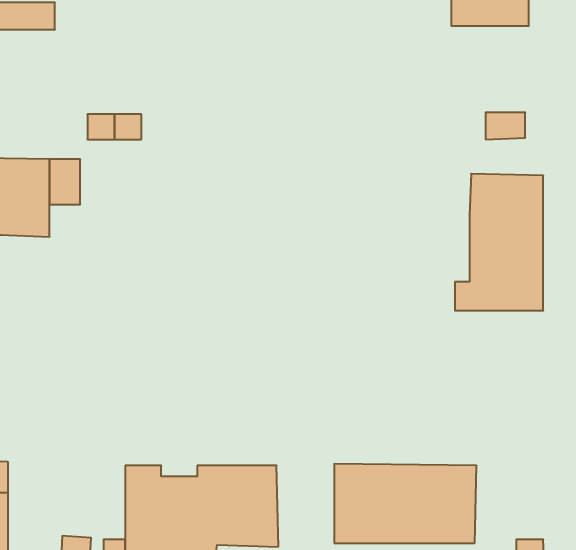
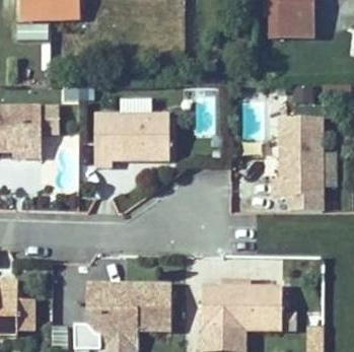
building: none -> [95,116,172,168]

